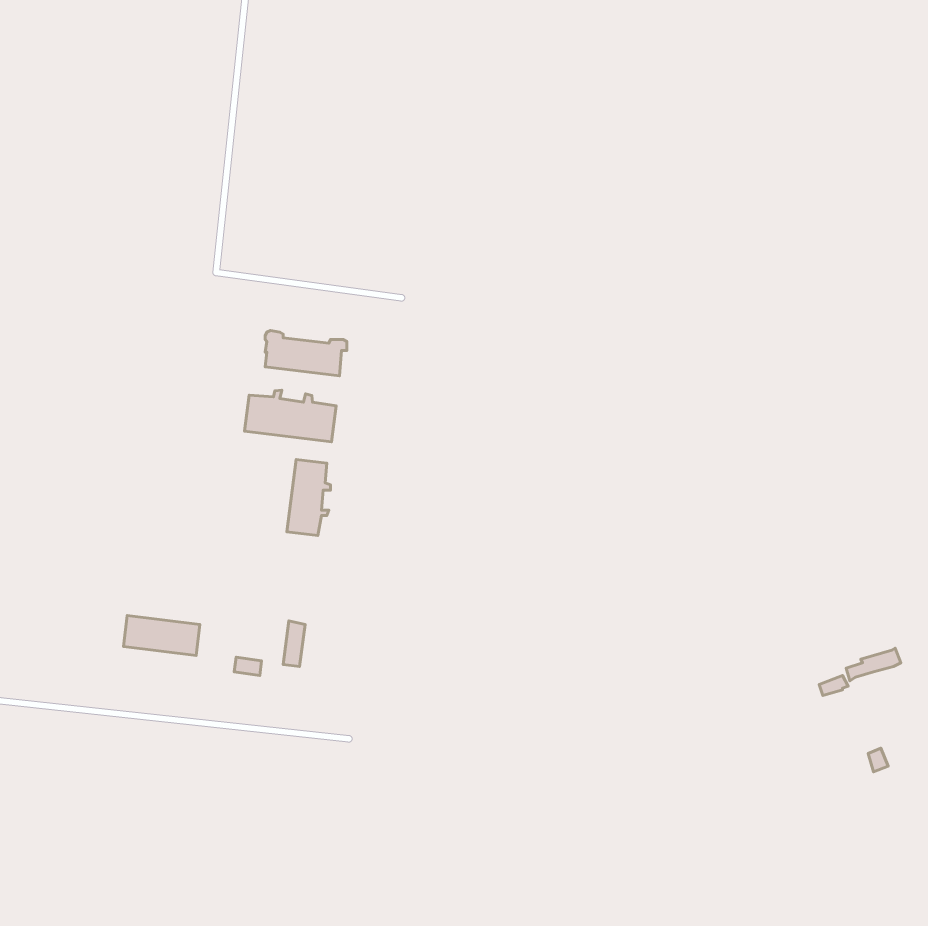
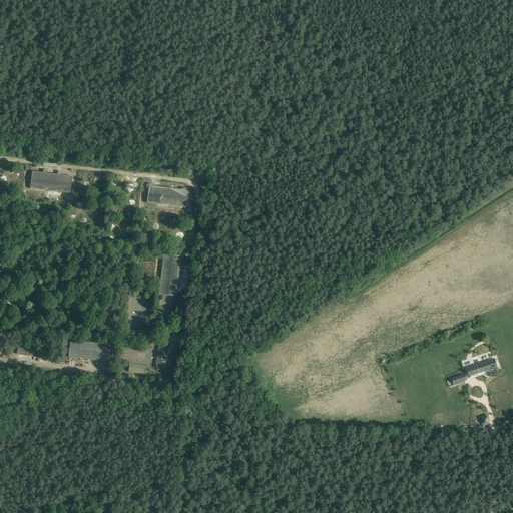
building: none -> [30,171,72,193]
building: [245,390,336,442] -> none

